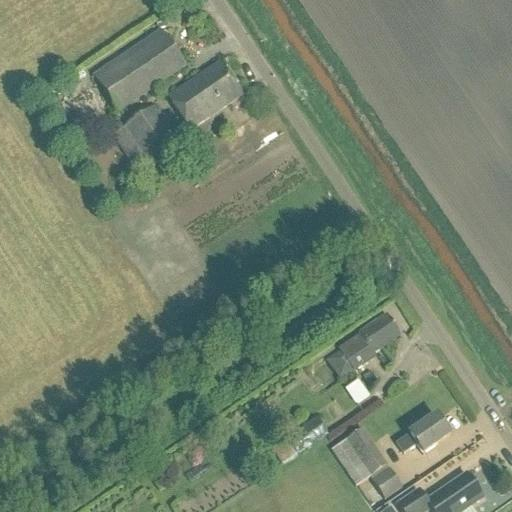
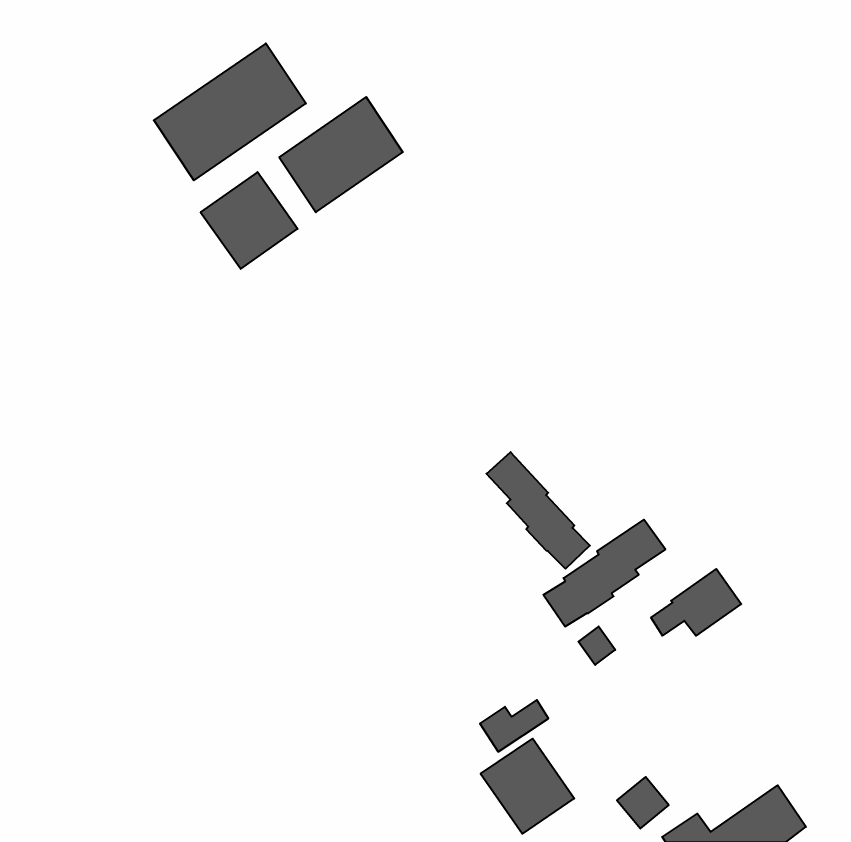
building: none -> [486,452,590,569]
building: [397,411,451,451] -> [651,569,741,636]
building: [332,426,388,483] -> [481,739,574,834]

